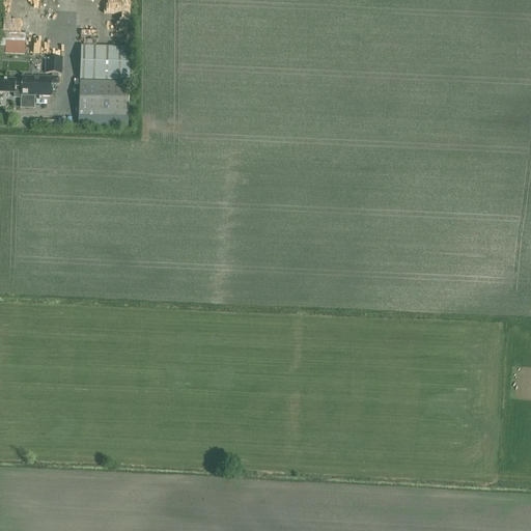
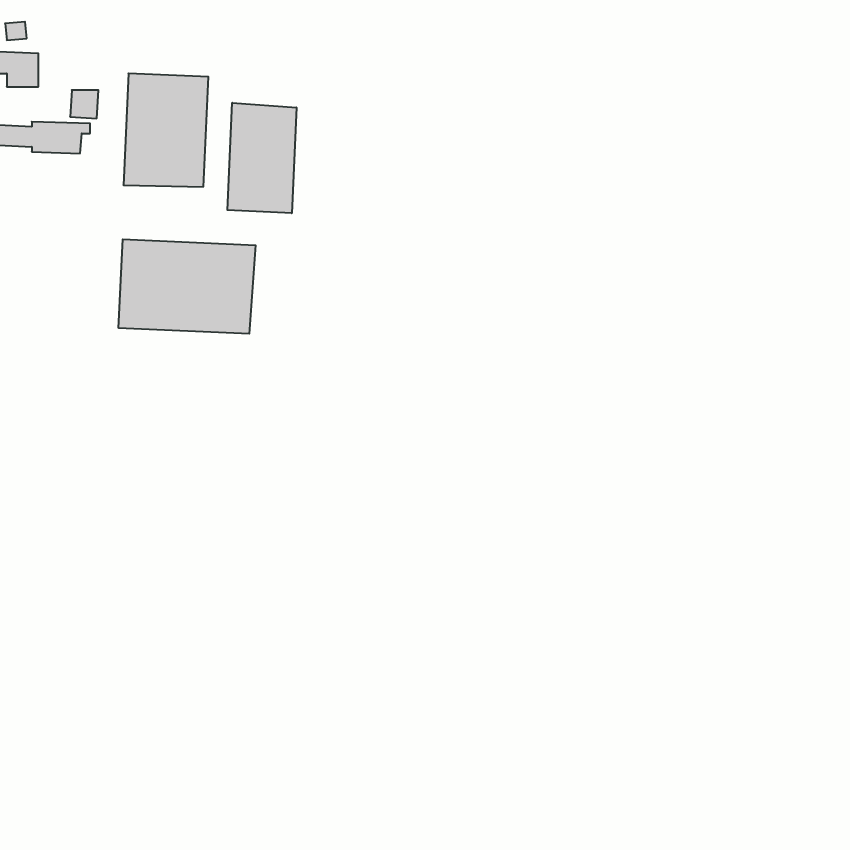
building: none -> [227,103,296,213]
building: none -> [119,239,256,334]

